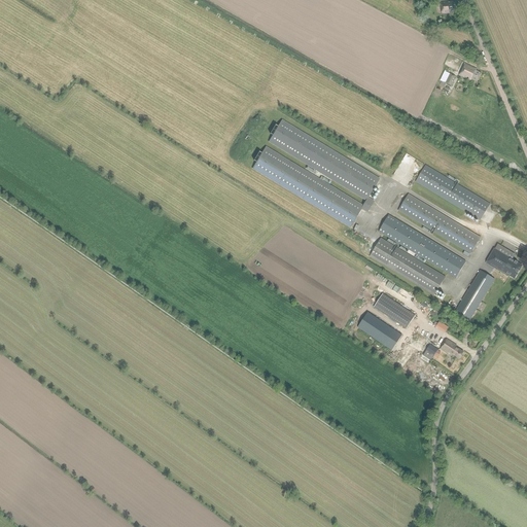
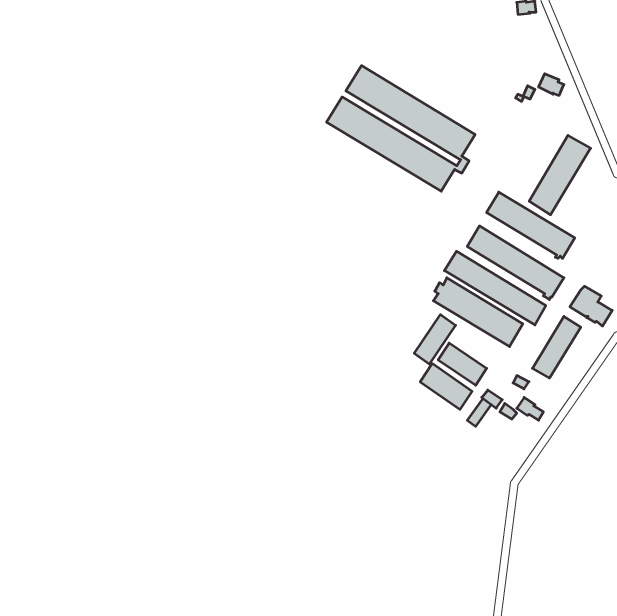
building: none -> [529,135,591,215]
building: [252,119,379,226] -> [327,66,475,191]
building: none -> [414,315,456,364]

